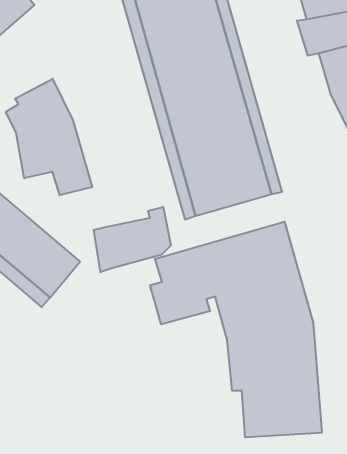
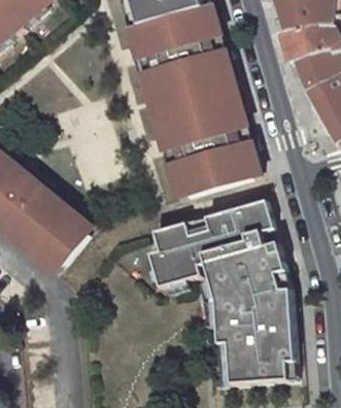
building: [6,79,92,195] -> none
building: [94,207,171,272] -> none

